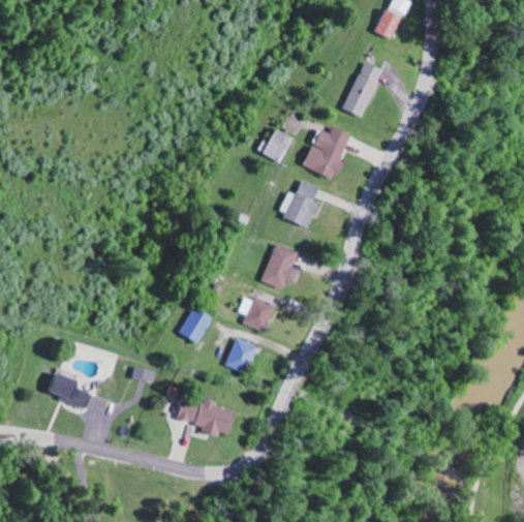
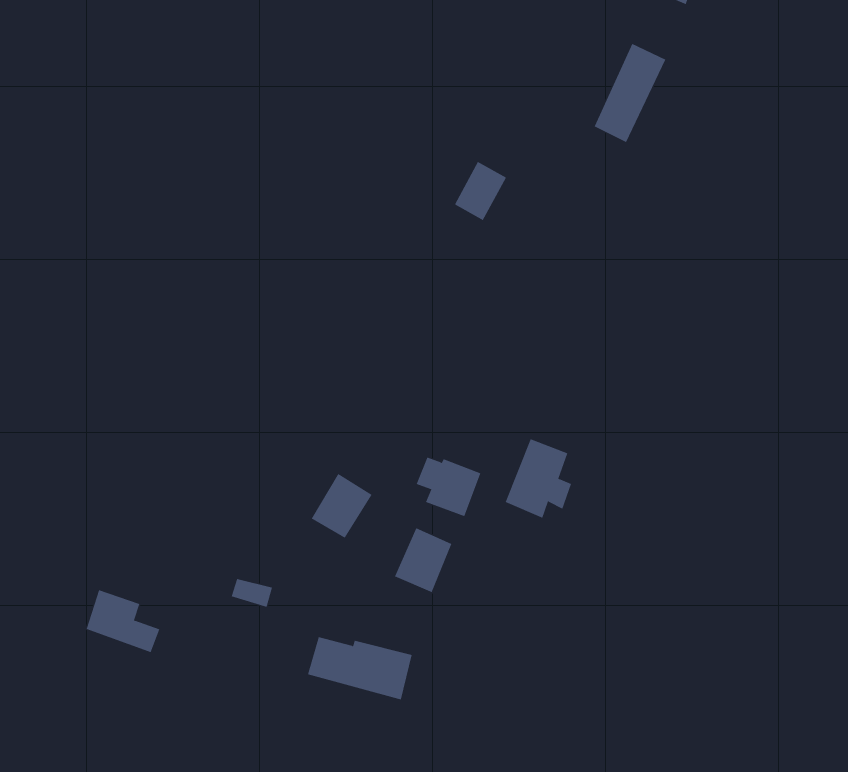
building: [303,126,350,179] -> none
building: [278,180,318,225] -> none
building: [260,244,299,289] -> [505,439,572,518]

